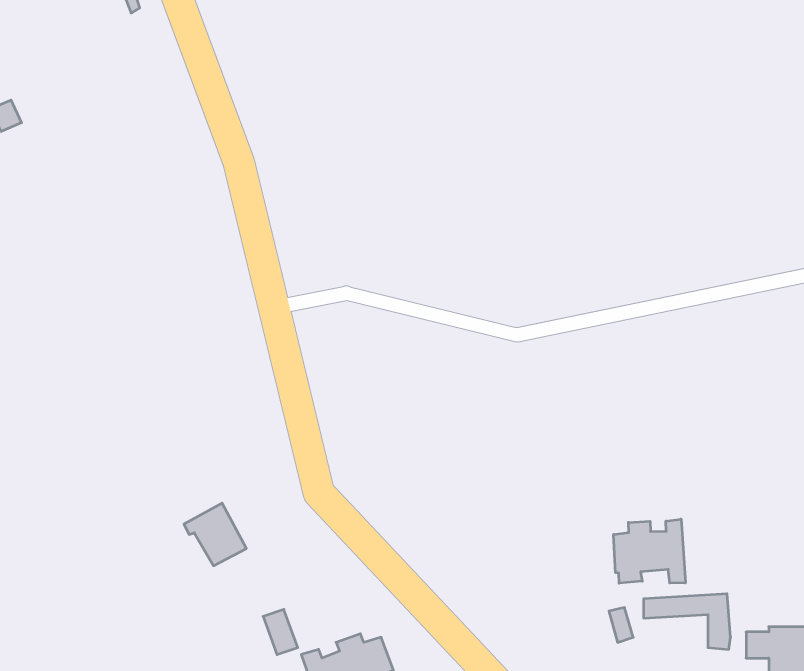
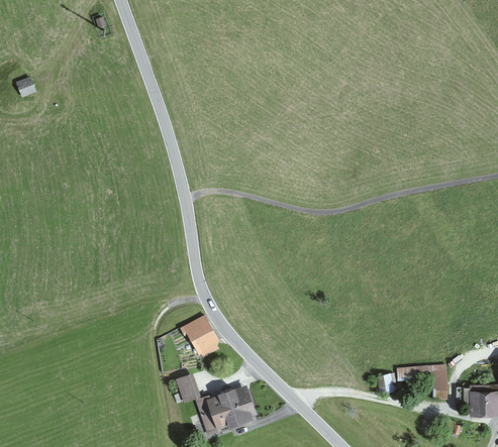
building: [184,503,246,566] -> [183,318,219,354]
building: [614,519,685,583] -> none

